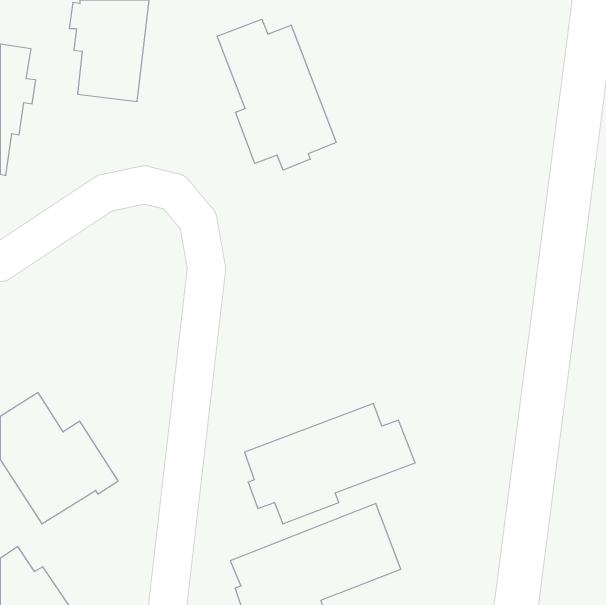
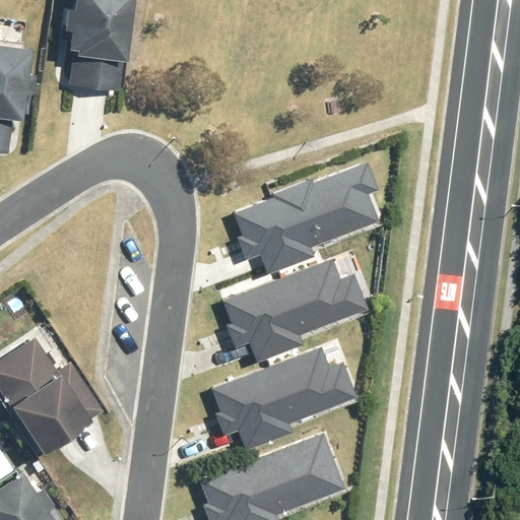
building: [217,19,336,170] -> none
building: none -> [233,162,378,273]
building: none -> [221,259,367,362]

